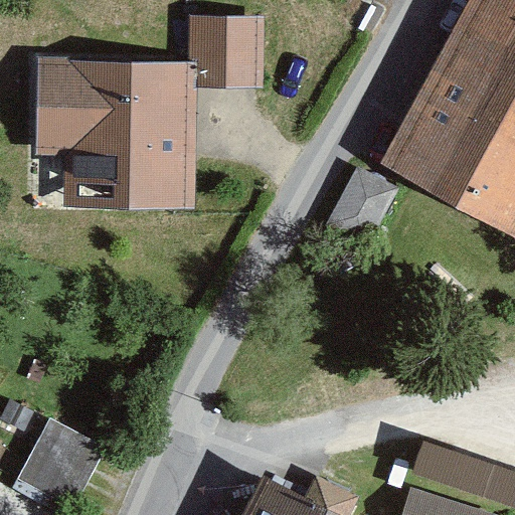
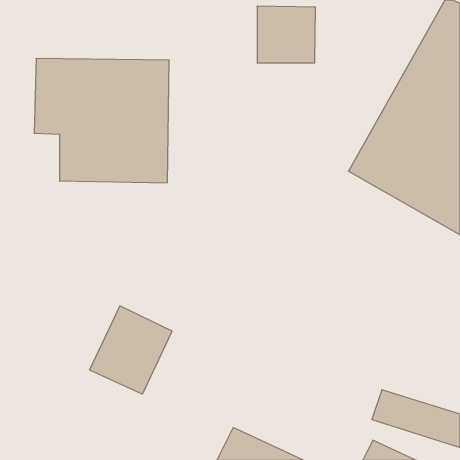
building: [196,19,262,82] -> [257,6,316,63]
building: [15,409,108,508] -> [89,306,172,394]

